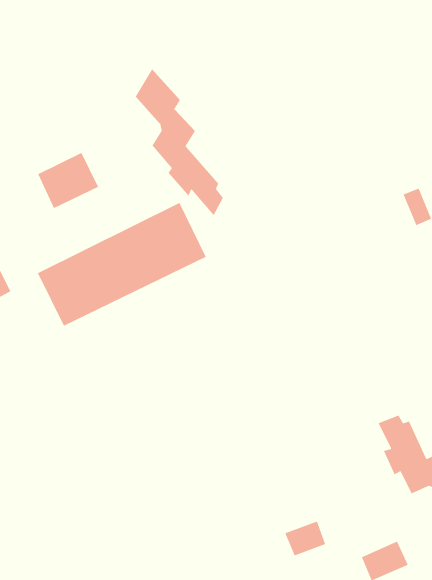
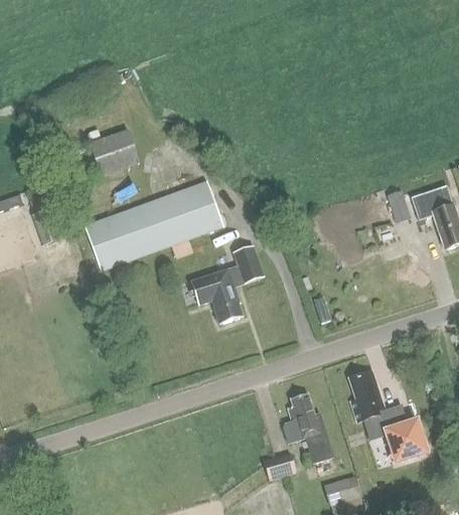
building: [135,68,224,217] -> none
building: none -> [191,245,263,323]
building: none -> [284,393,333,463]

